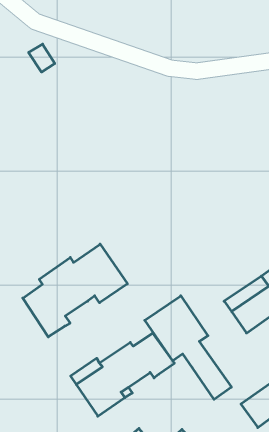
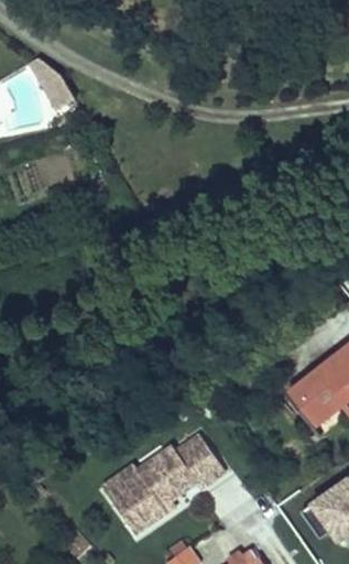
building: [23,244,127,337] -> none
building: [145,296,231,399] -> none

